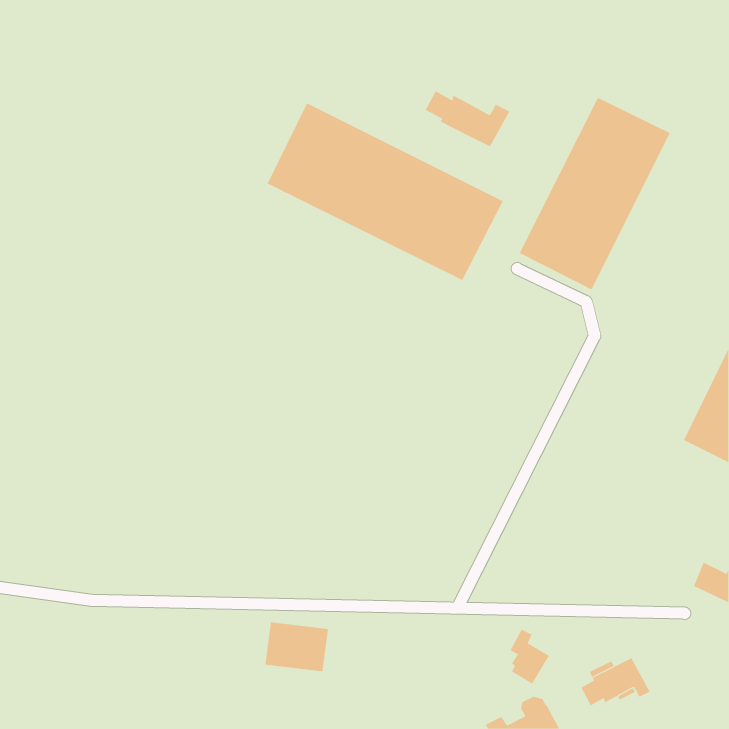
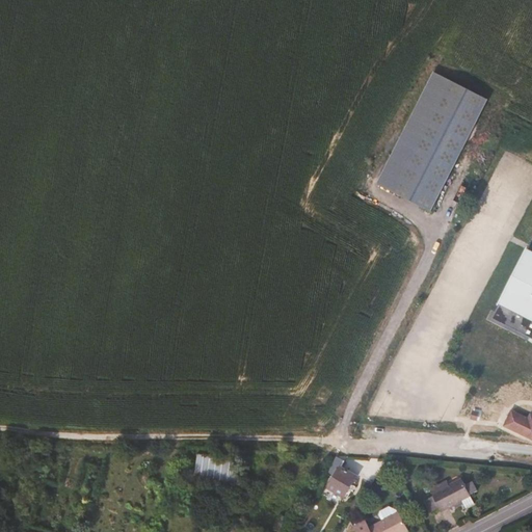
building: [425,90,510,147] -> none
building: [267,102,503,281] -> none
building: [510,629,550,684] -> [326,456,355,497]

